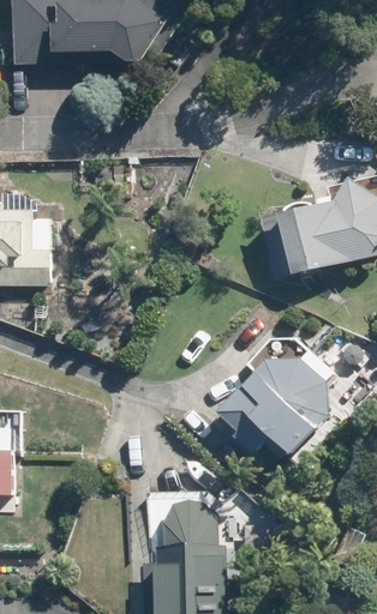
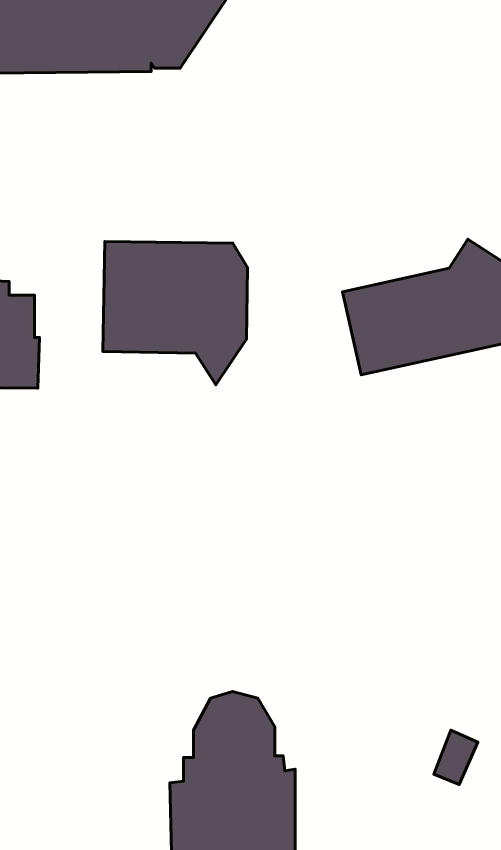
building: none -> [103,241,248,385]
building: [215,338,334,457] -> none

